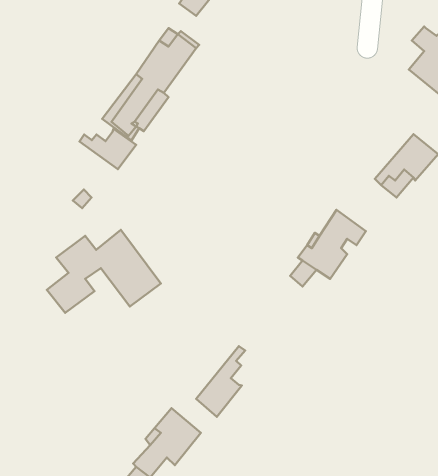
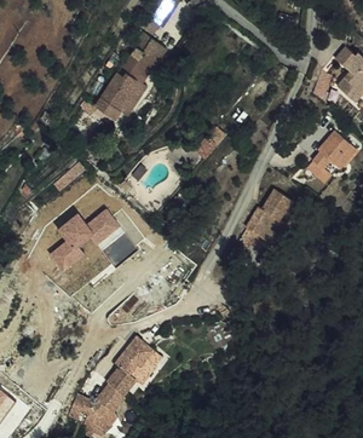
building: [80,129,136,169] -> none
building: [196,346,245,417] -> none

